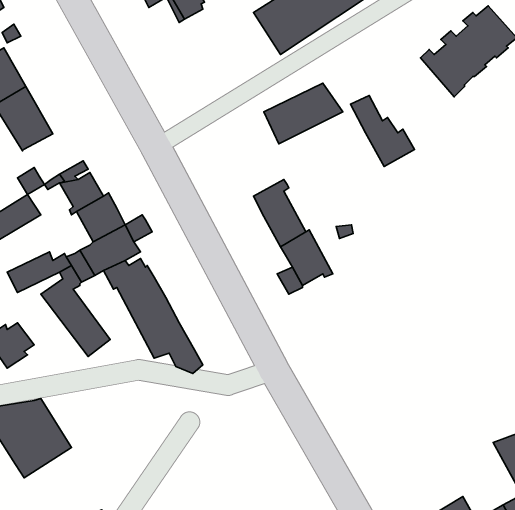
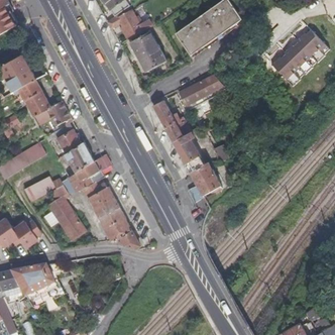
building: none -> [129,31,165,73]
building: [350,96,415,166] -> [152,101,191,143]
building: none -> [35,100,72,126]

